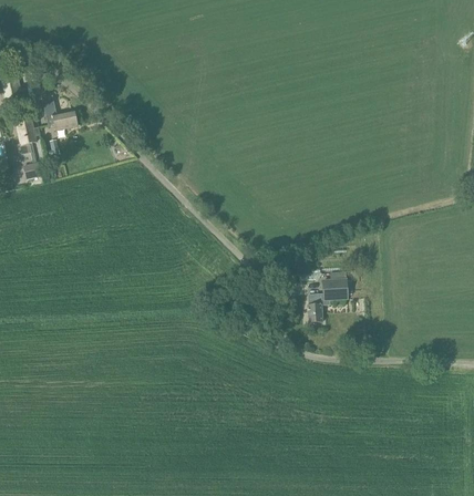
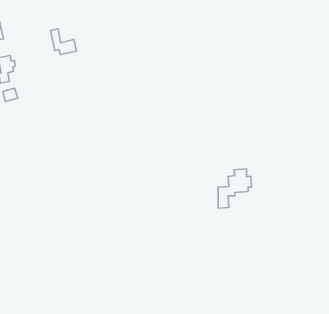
building: [42,95,76,130] -> [51,29,76,55]

